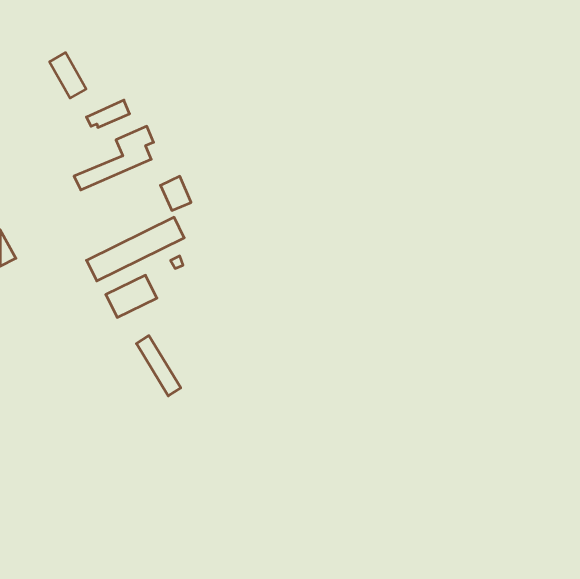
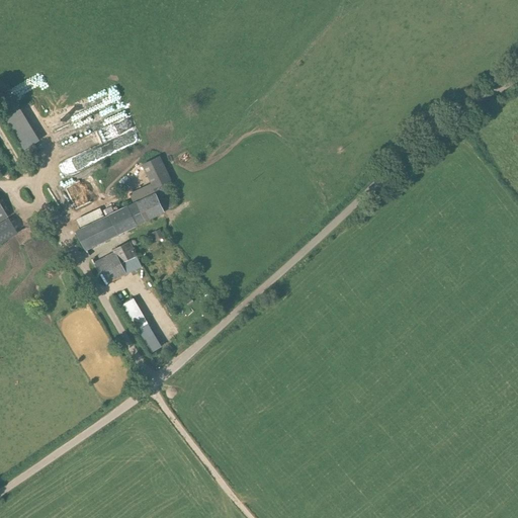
building: [50,53,86,98] -> [7,107,39,148]

